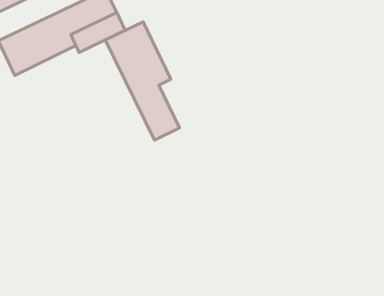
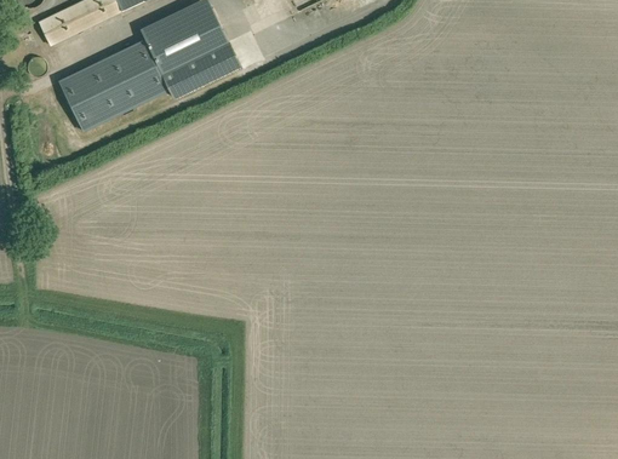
building: [105,22,180,140] -> none

